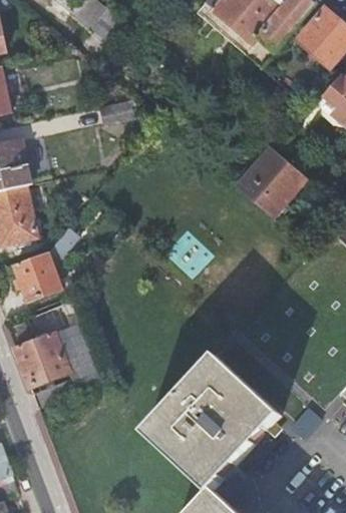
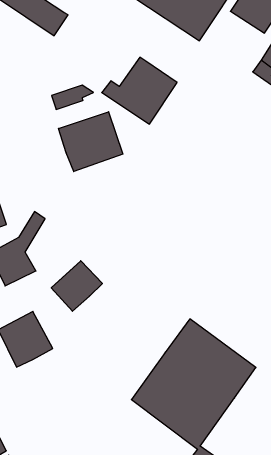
building: none -> [59,112,123,172]
building: [226,145,306,216] -> [102,57,177,124]
building: none -> [51,261,102,311]

